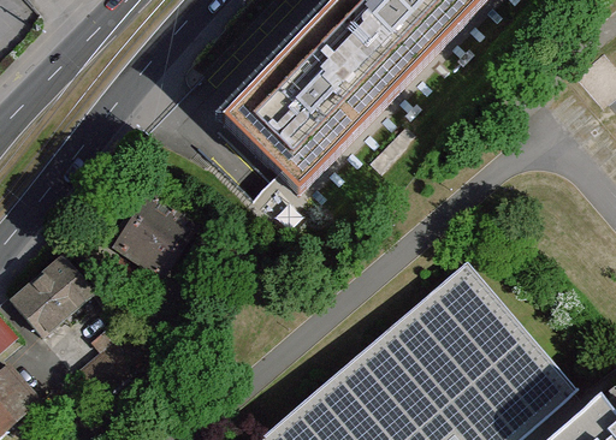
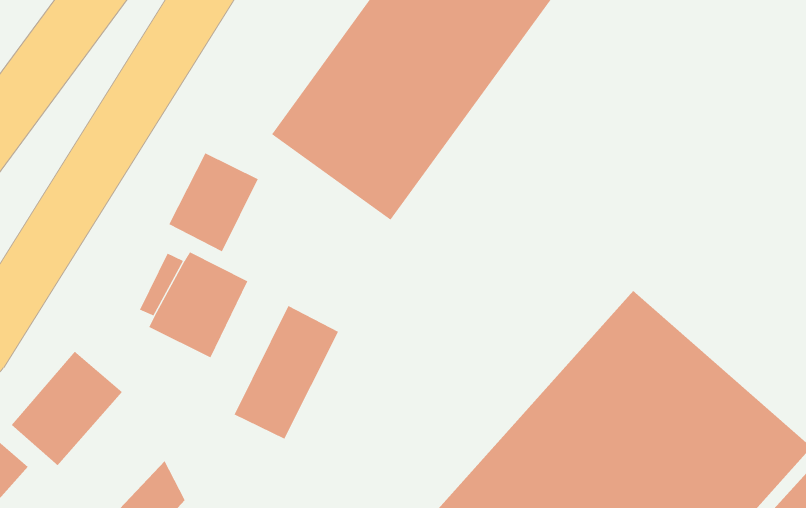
building: none -> [169,153,259,252]
building: none -> [234,305,339,440]

